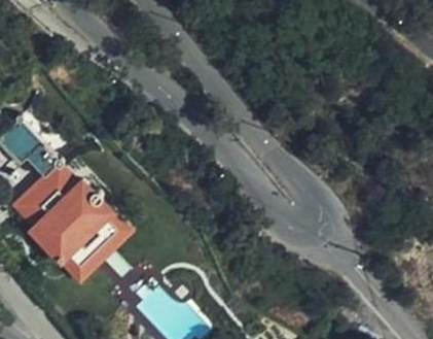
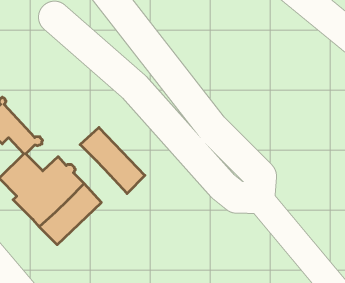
building: none -> [80,127,145,194]

